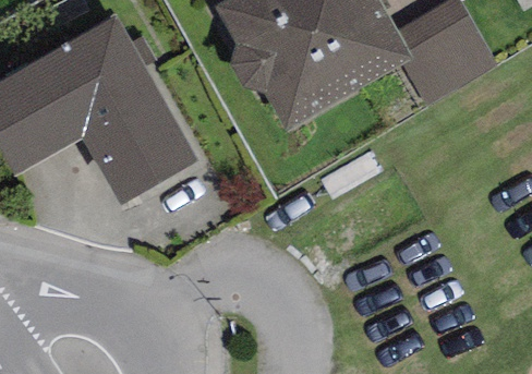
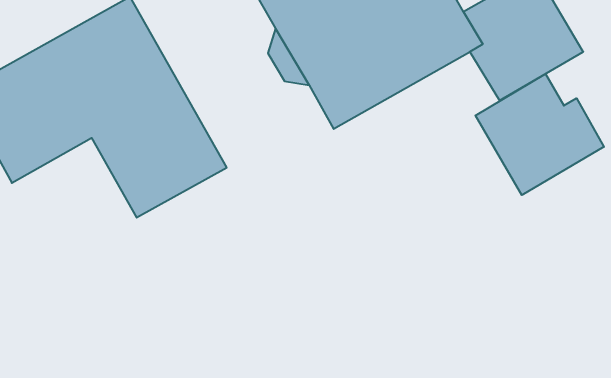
building: none -> [475,74,604,195]

